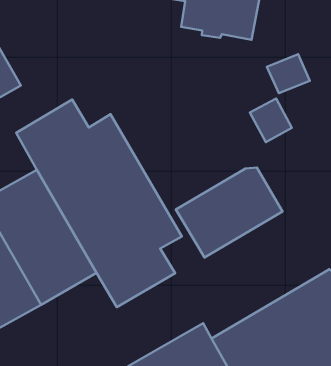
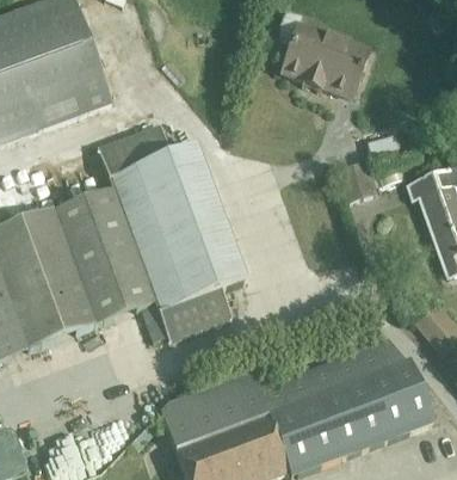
building: [176,168,283,257] -> none

